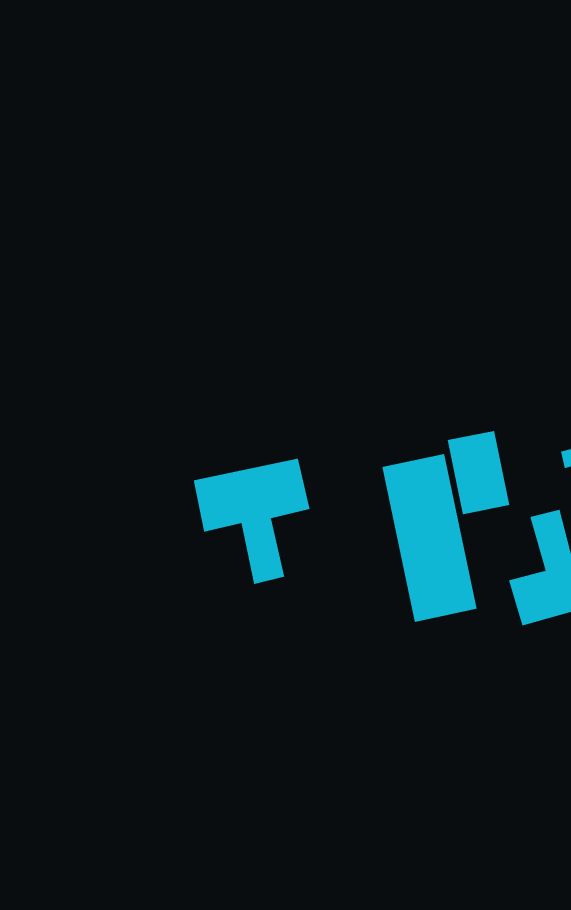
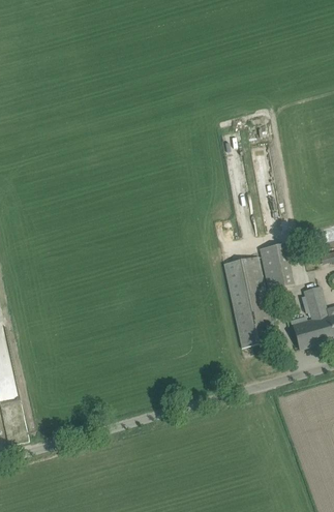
building: [193,458,310,585] -> none

